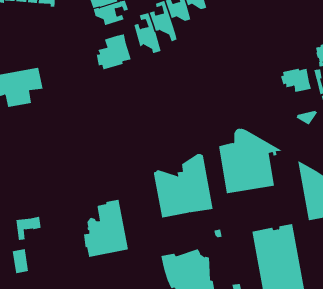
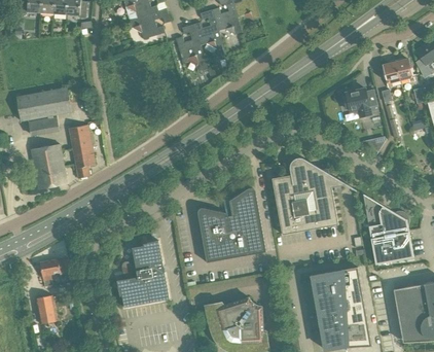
building: [96,34,131,70] -> none
building: none -> [69,125,95,179]
building: none -> [31,145,66,188]

